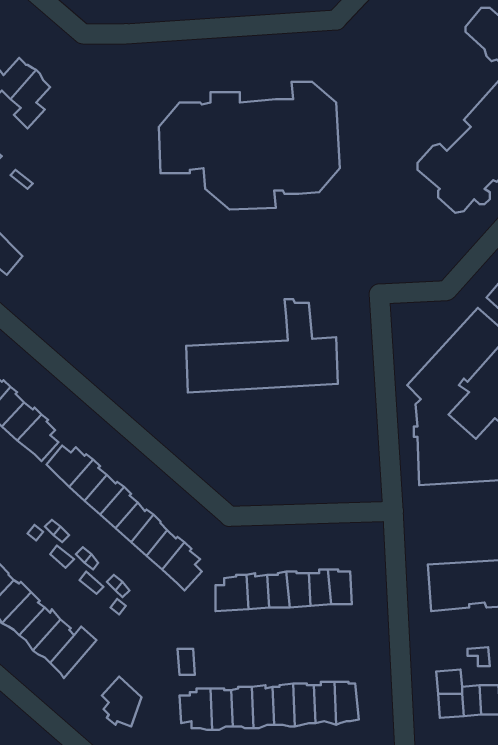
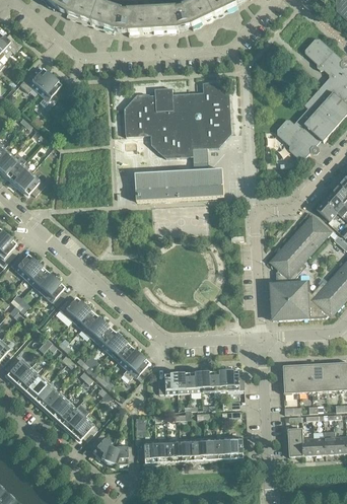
building: [186,299,338,392] -> [135,146,224,201]
building: none -> [69,415,97,441]
building: none -> [109,443,133,466]

